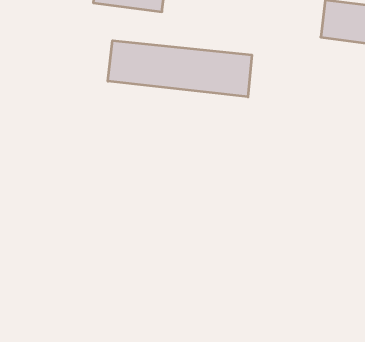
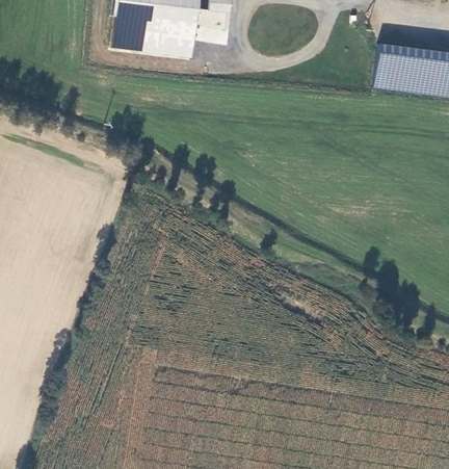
building: [108,41,252,97] -> none

